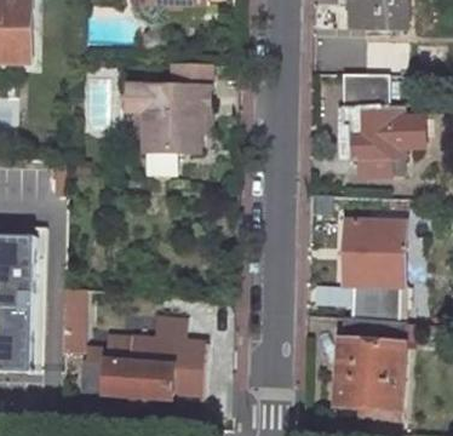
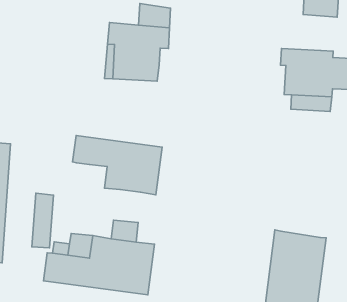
building: [343,74,389,104] -> none
building: none -> [72,135,162,195]
building: [345,222,405,322] -> none

